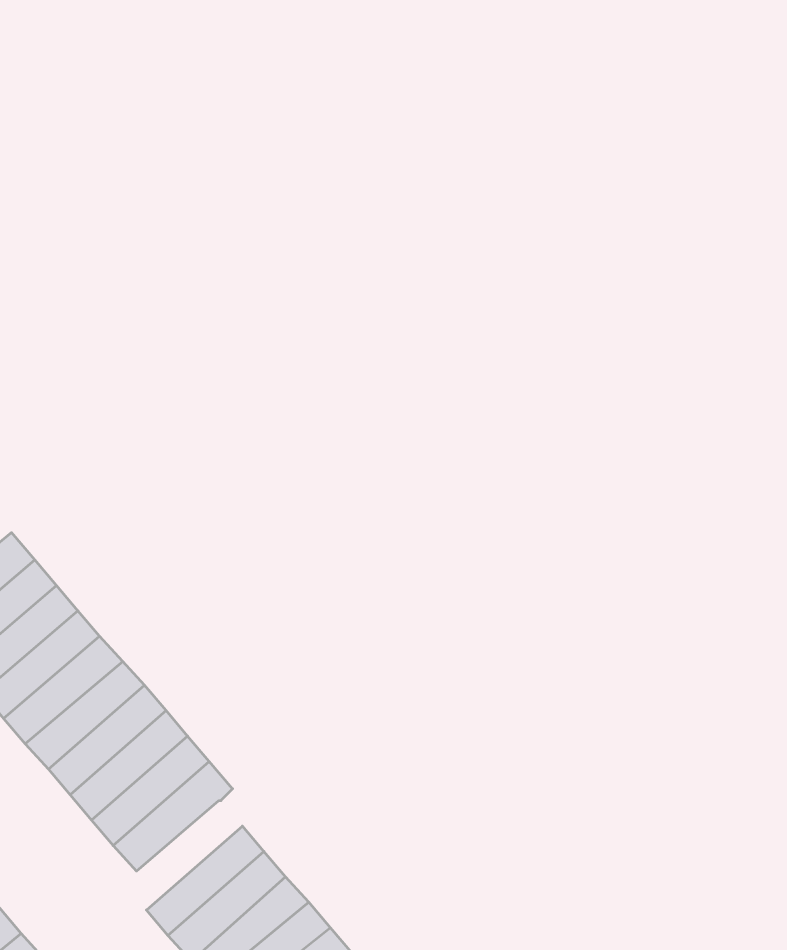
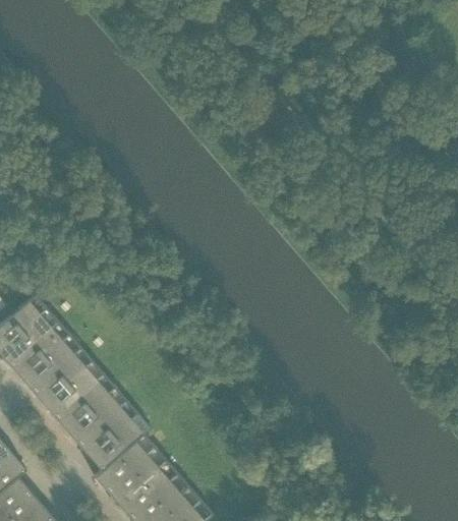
building: none -> [93,433,155,490]

